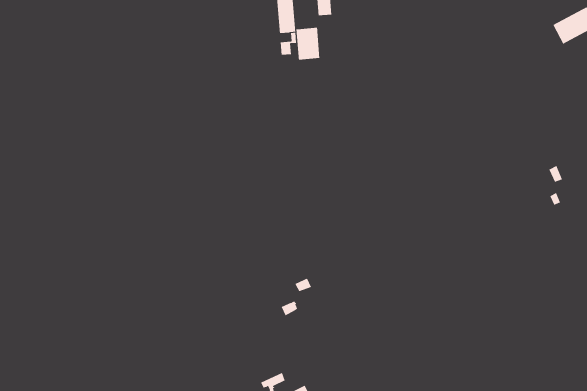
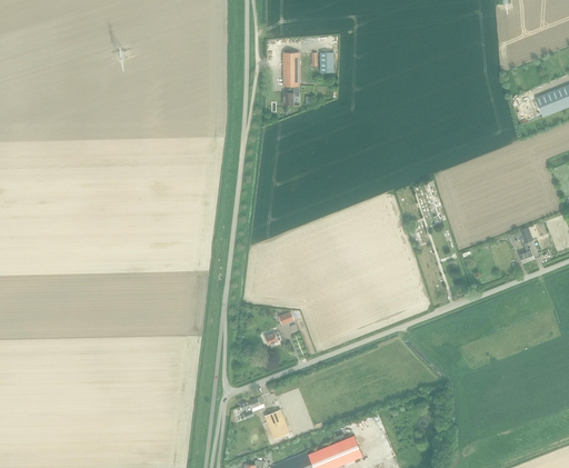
building: [296,27,320,60] -> none

